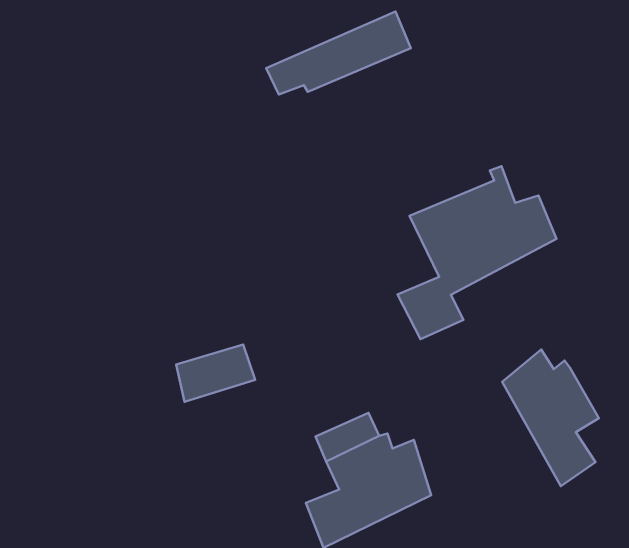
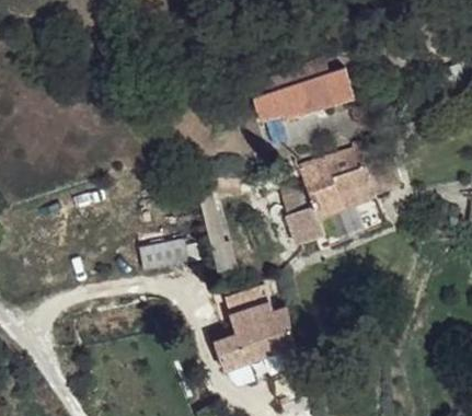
building: [266,12,411,94] -> [255,70,348,116]
building: [502,350,599,486] -> none

